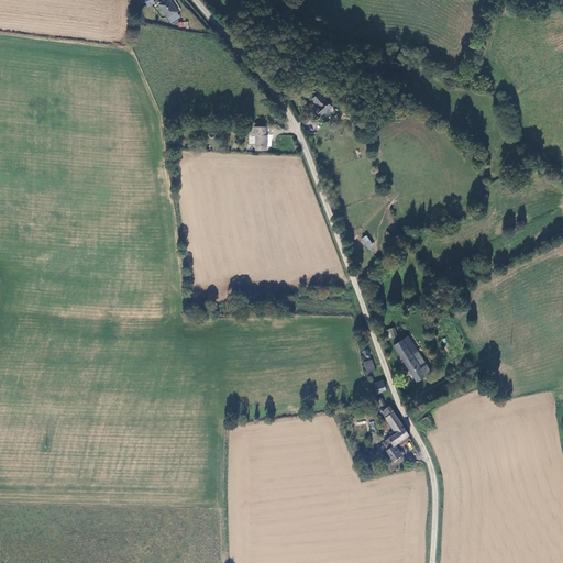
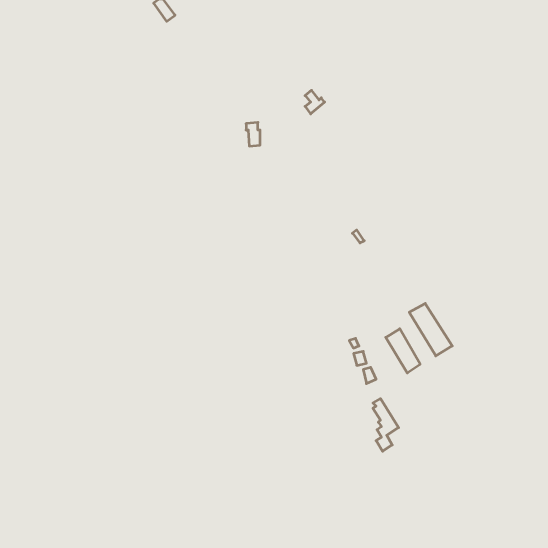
building: none -> [409,303,452,356]

